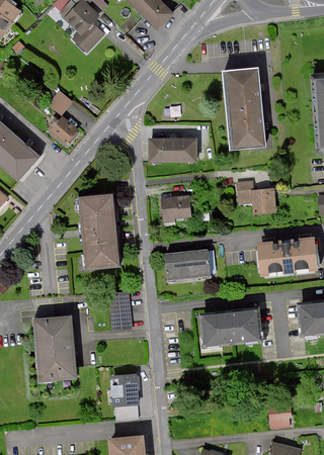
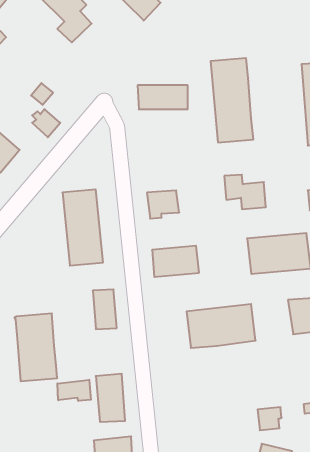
building: [149,138,197,161] -> [138,85,188,109]
building: none -> [57,380,91,401]

